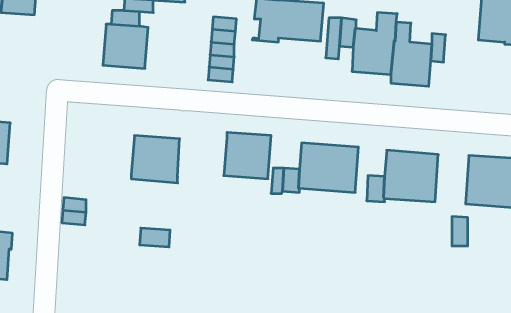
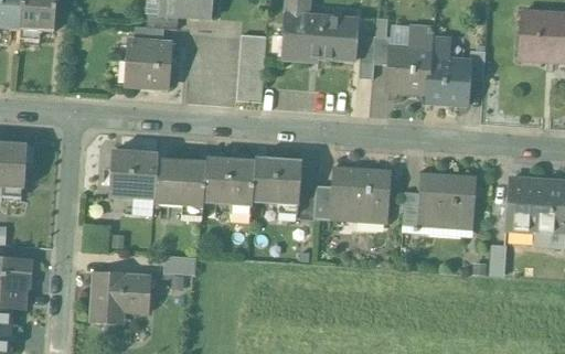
building: none -> [108,150,158,199]
building: none -> [203,157,255,204]
building: none -> [90,271,150,323]

